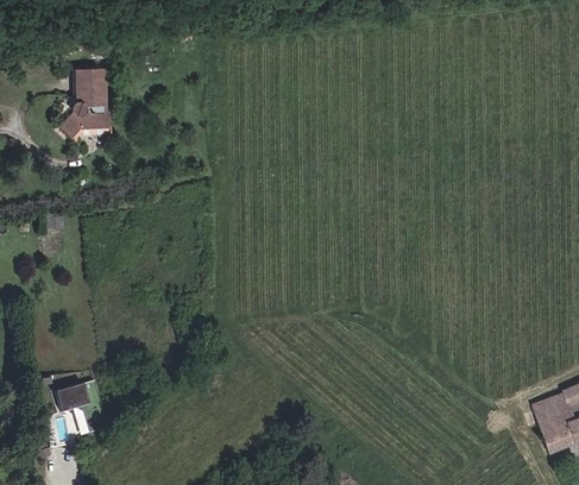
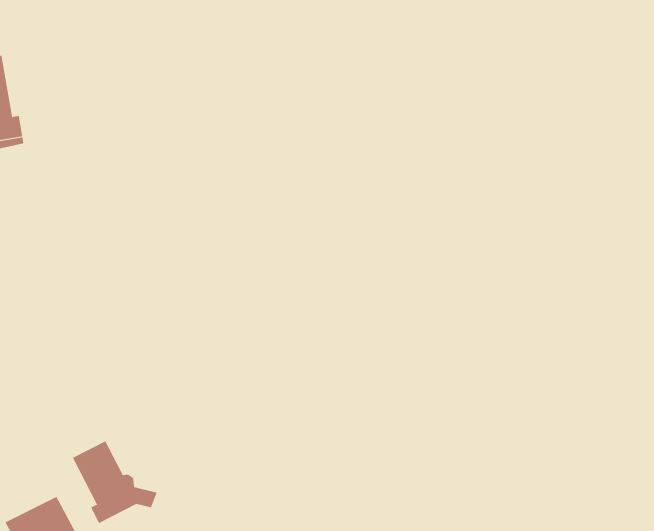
building: none -> [72,440,158,524]

